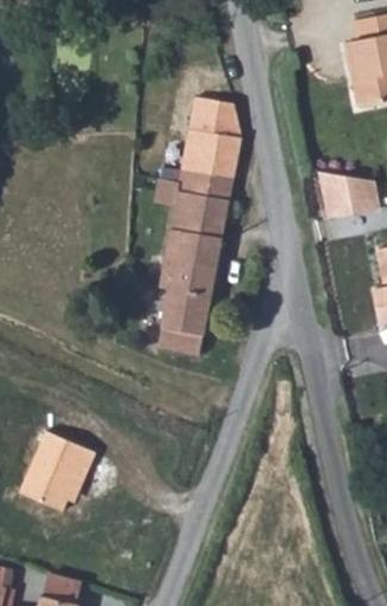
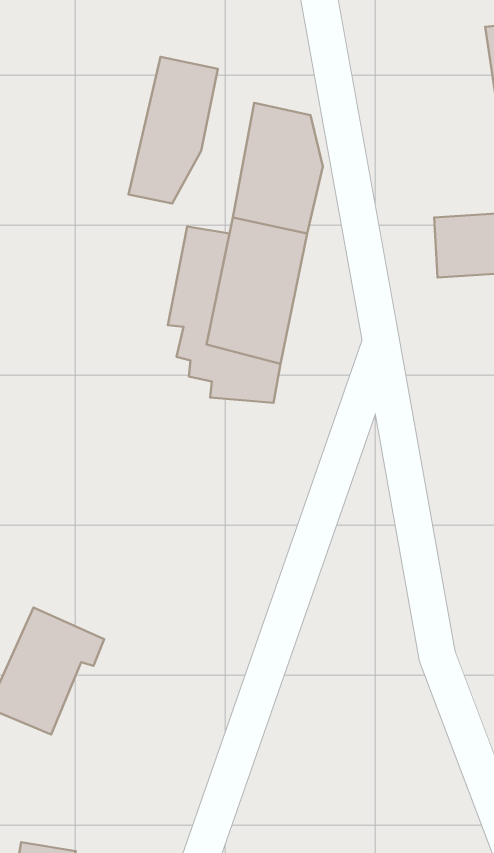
building: none -> [128,57,218,204]
building: [157,297,208,376] -> none

